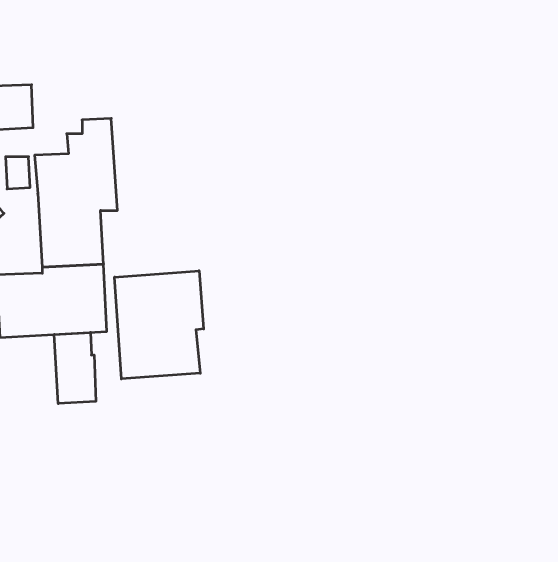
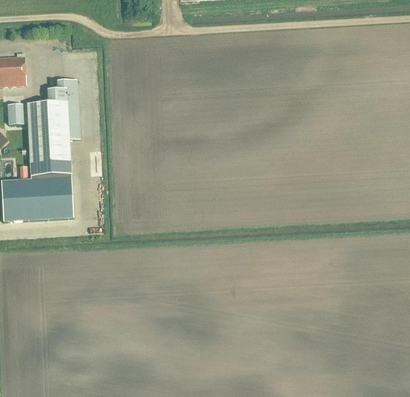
building: [115,271,204,379] -> none
building: [54,332,96,404] -> none

